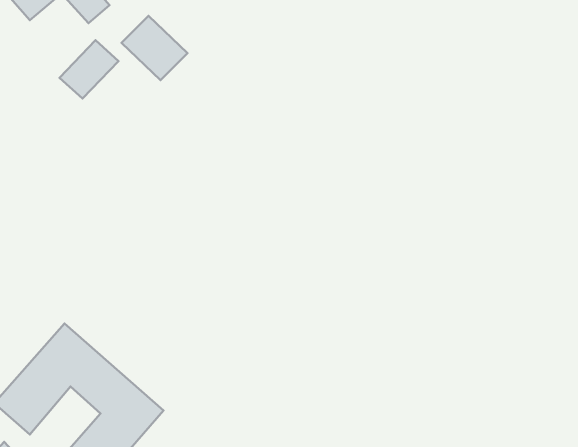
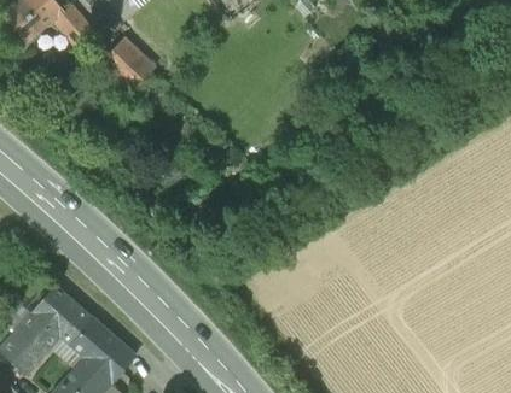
building: [59,40,118,99] -> none

